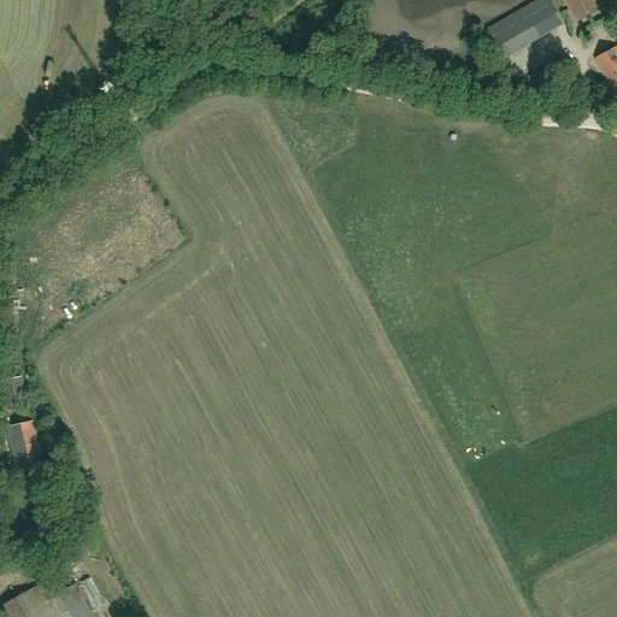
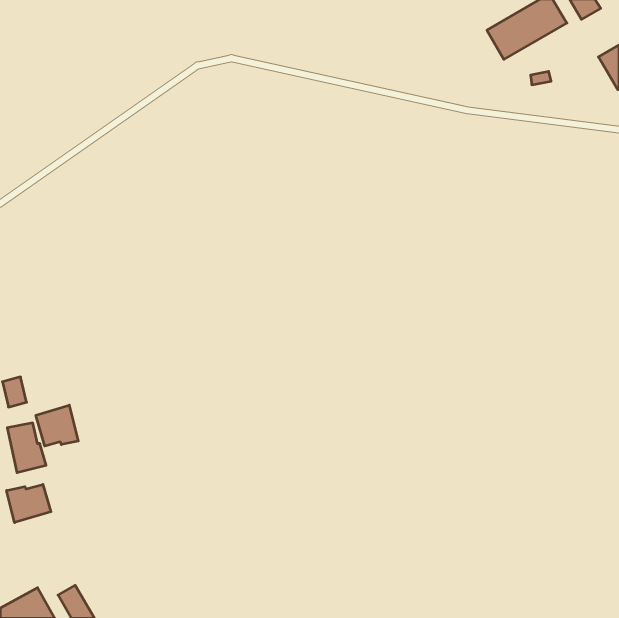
building: none -> [36,405,78,446]
building: none -> [7,484,51,523]

